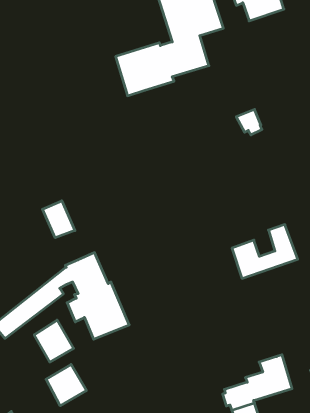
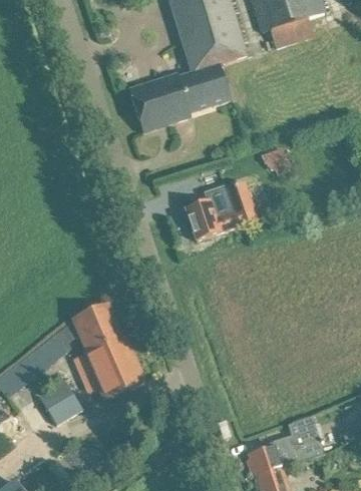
building: [42,201,75,238] -> none
building: [232,225,298,278] -> [186,180,258,239]
building: [46,364,86,406] -> none

